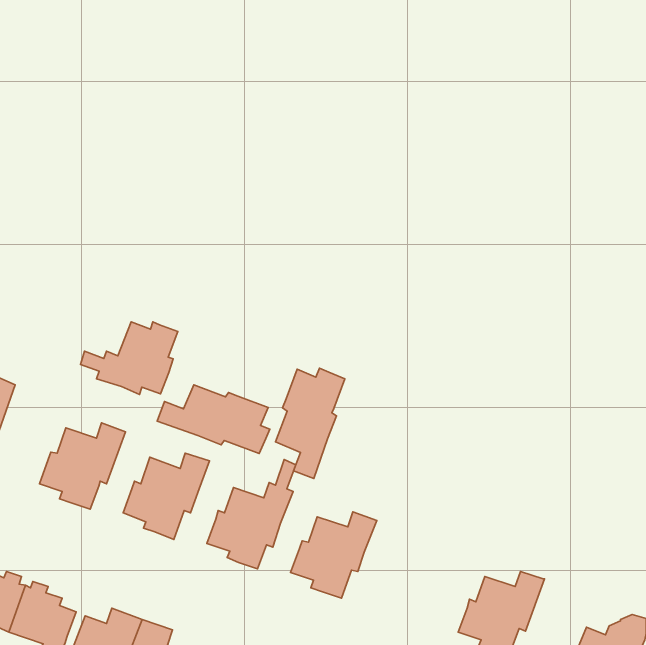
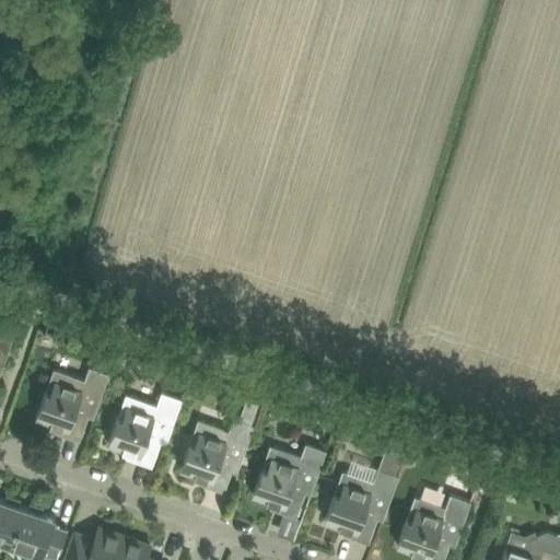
building: [80,322,178,394] -> none
building: [275,368,345,479] -> none
building: [157,385,270,454] -> none
building: none -> [323,450,400,545]

